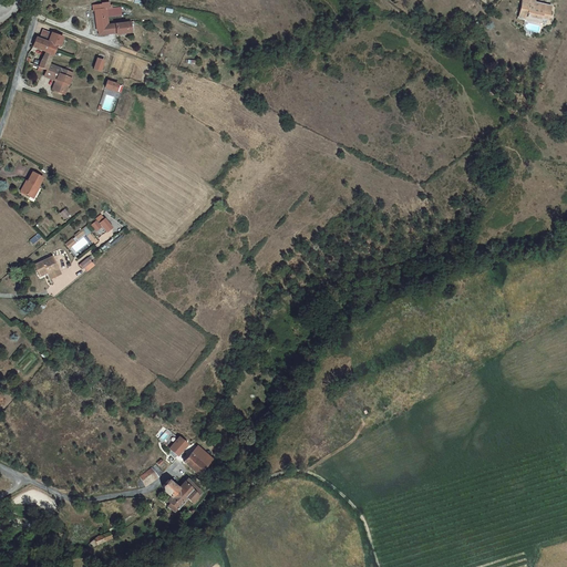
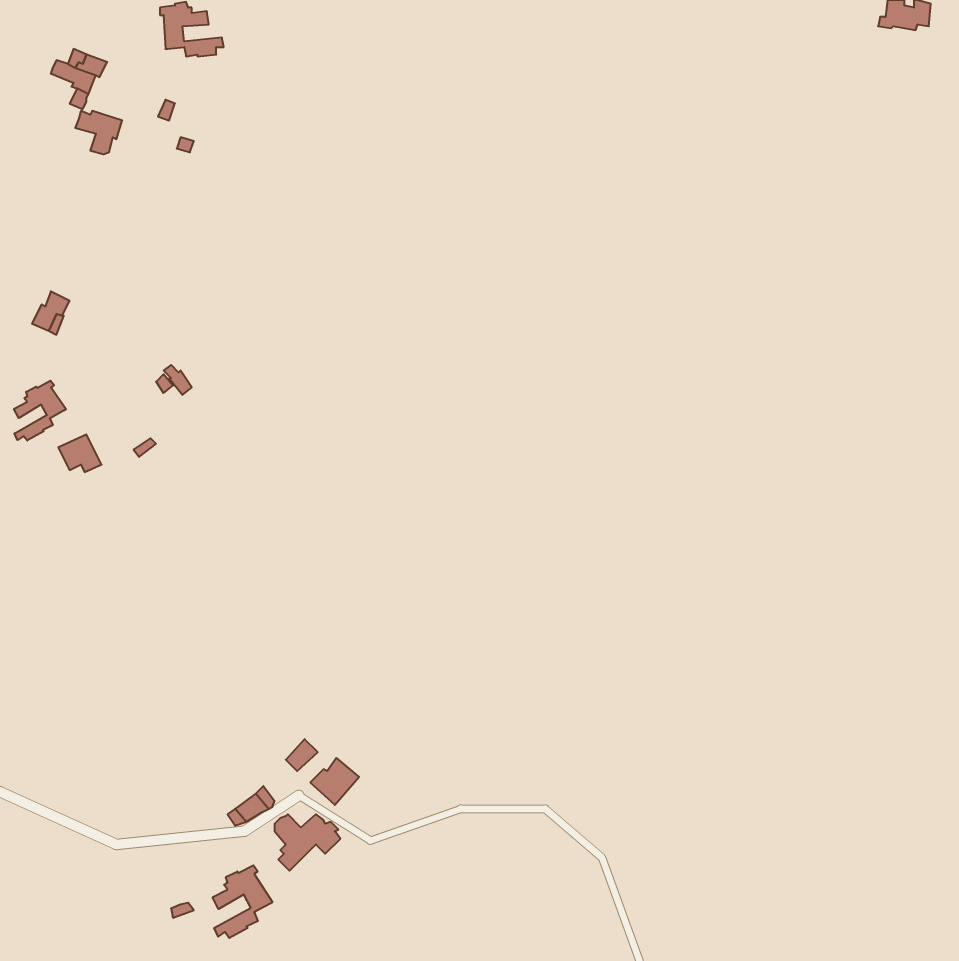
building: none -> [14,381,66,441]
building: none -> [213,865,272,938]

